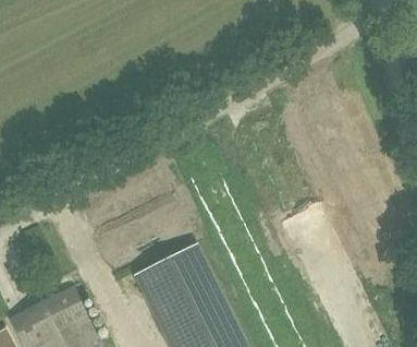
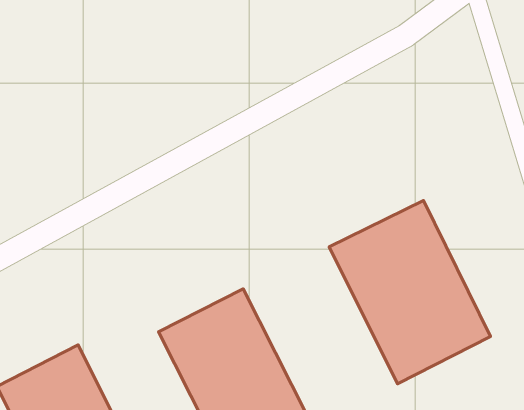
building: none -> [329,200,490,384]

